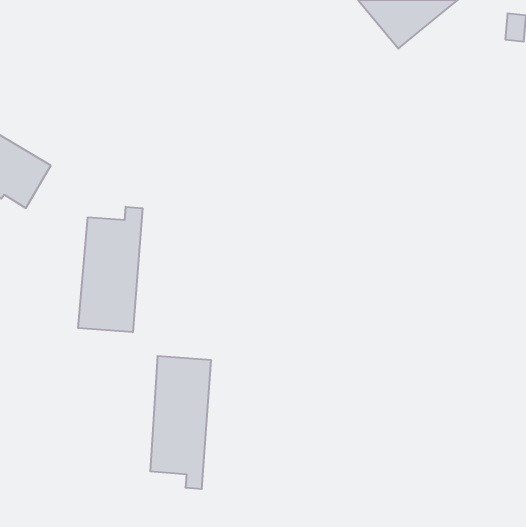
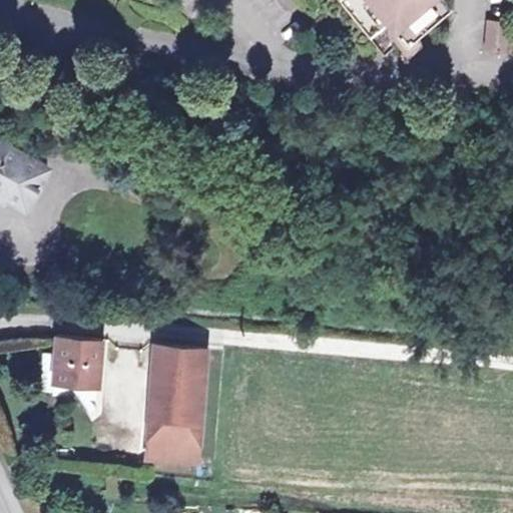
building: [78,207,143,332] -> none
building: none -> [49,337,100,390]

